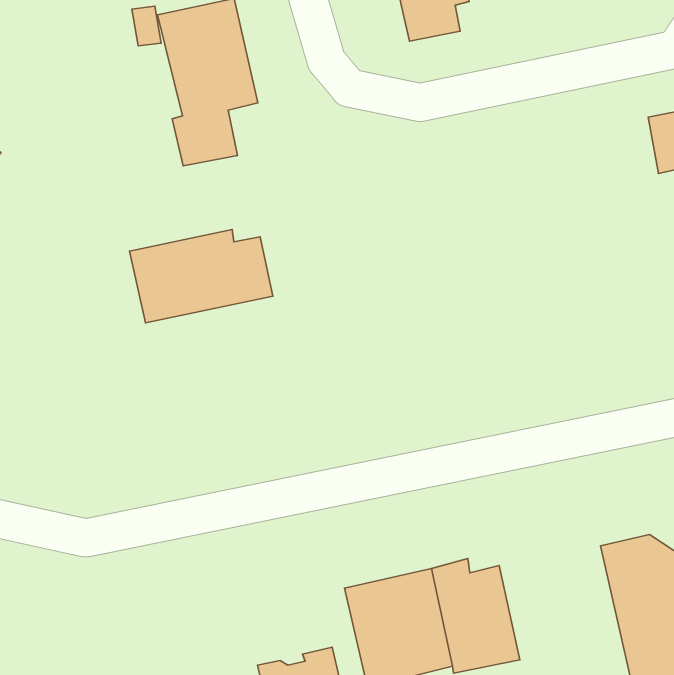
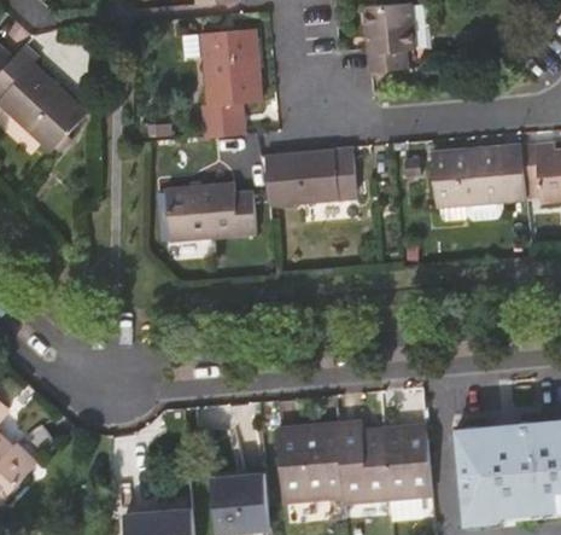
building: none -> [432,143,526,215]
building: none -> [262,147,353,207]
building: none -> [385,428,434,498]

